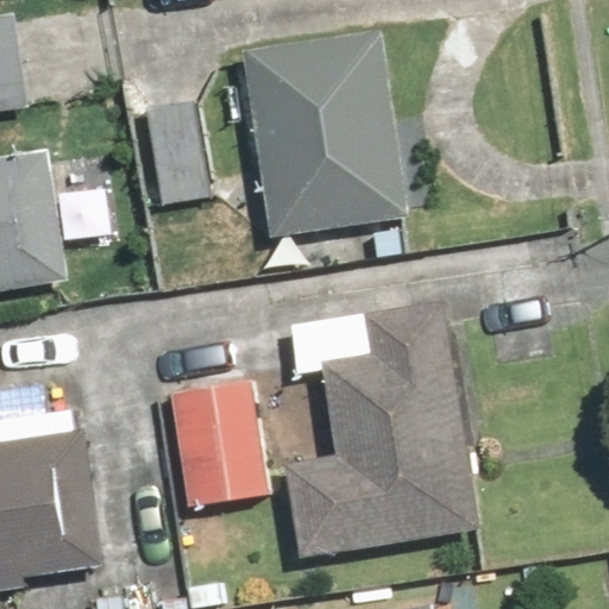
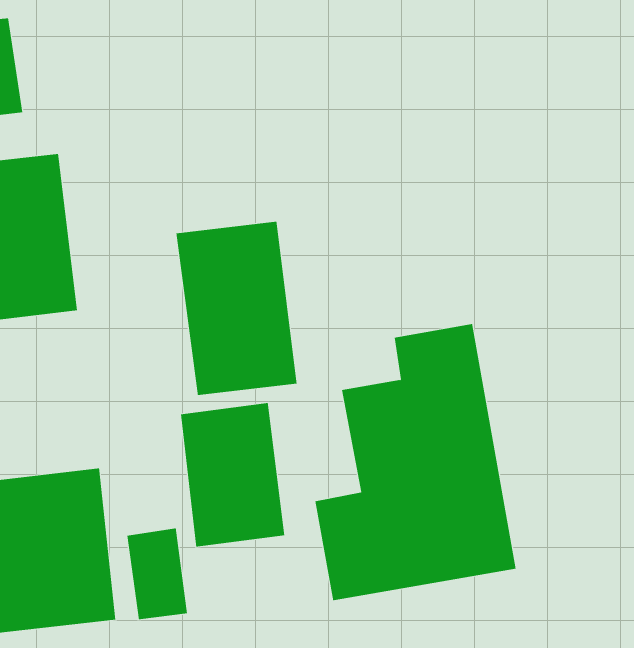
building: [233,21,413,232] -> none
building: none -> [176,221,297,396]

